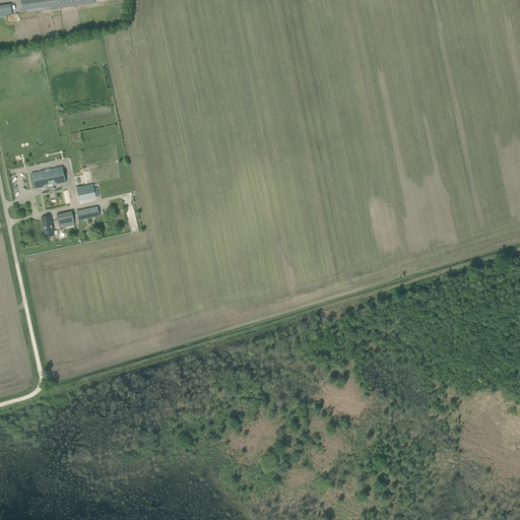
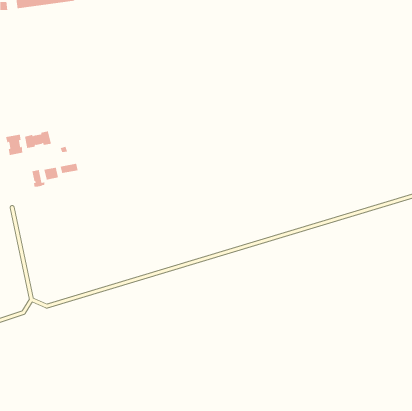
building: none -> [6,134,23,156]

